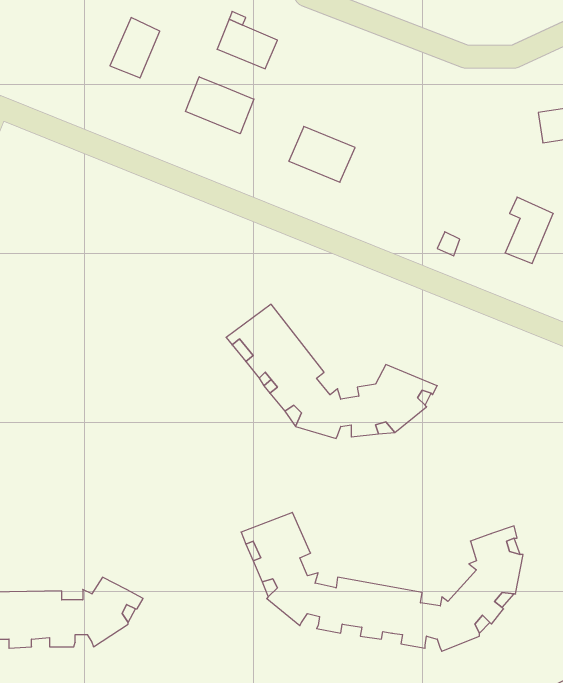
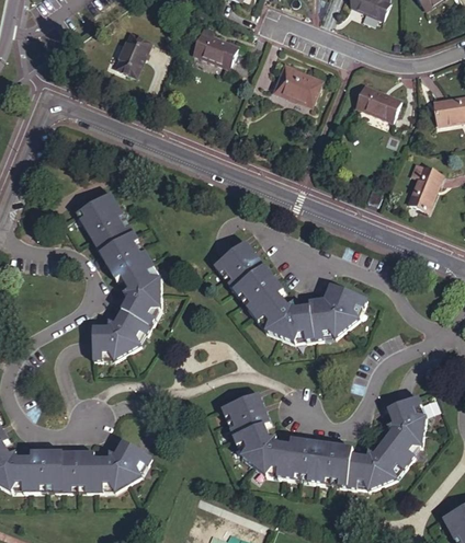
building: [185,77,254,134] -> none
building: none -> [364,90,405,124]
building: [289,126,355,182] -> [282,67,330,107]
building: none -> [76,192,160,360]

